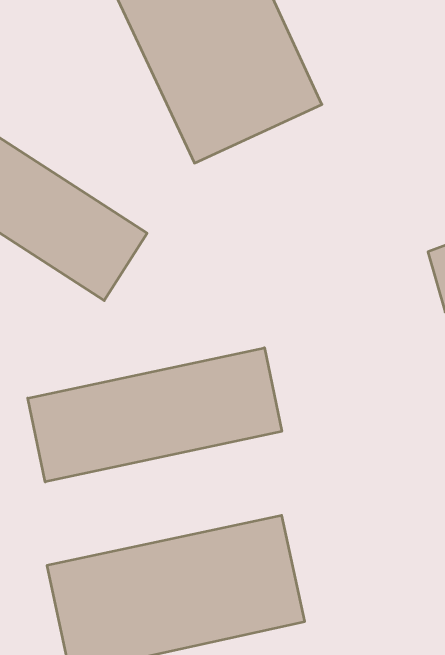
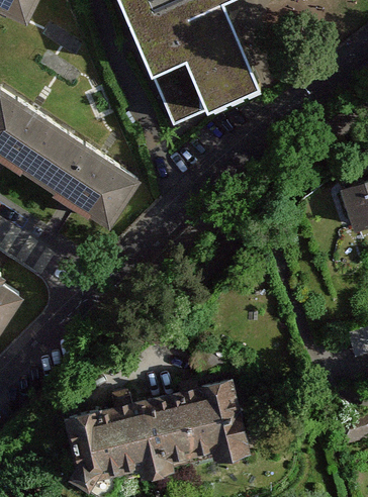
building: [28,348,282,482] -> none

